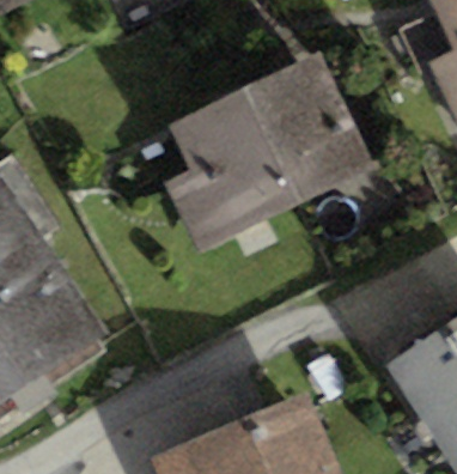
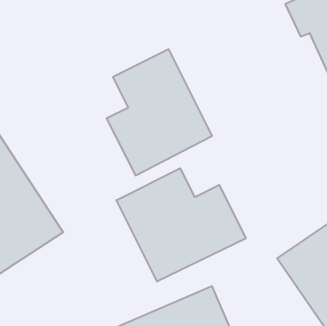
building: [245,50,377,202] -> none
building: none -> [116,168,246,282]

